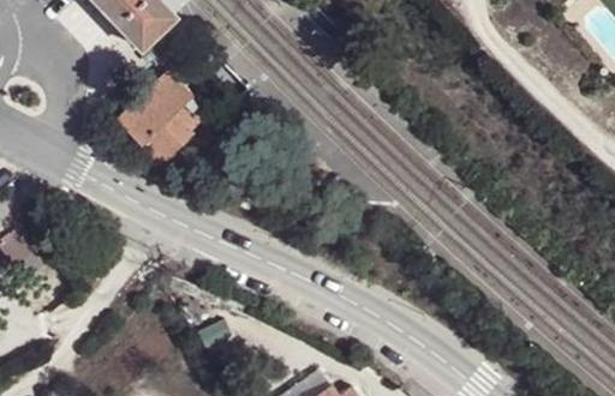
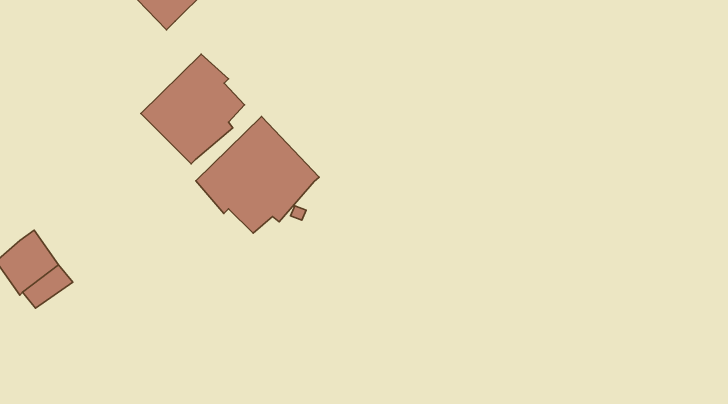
building: none -> [196,117,319,233]

